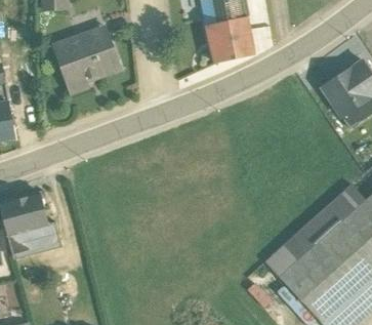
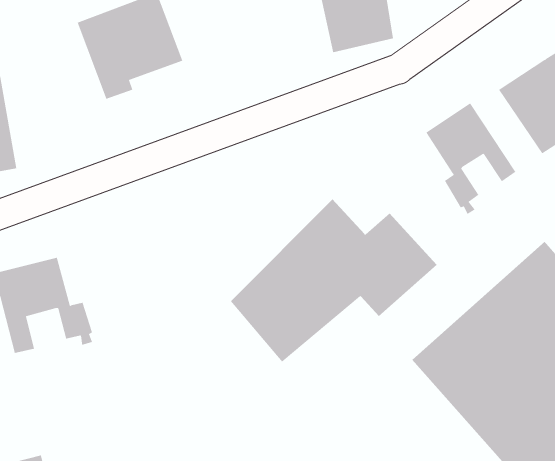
building: none -> [426,102,516,215]
building: none -> [230,199,437,362]

